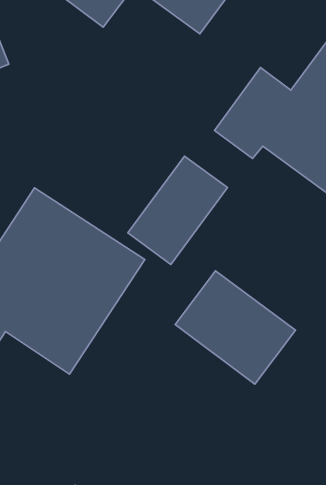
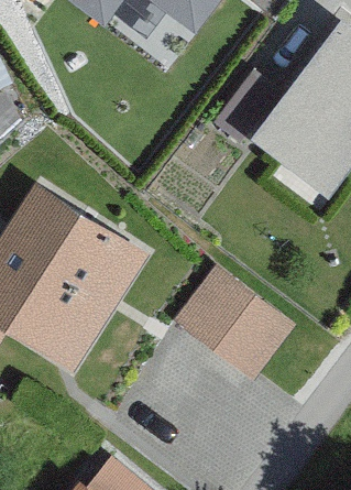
building: [128,156,228,264] -> none

